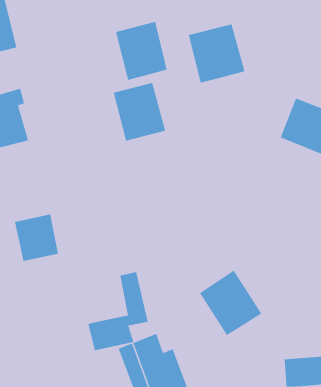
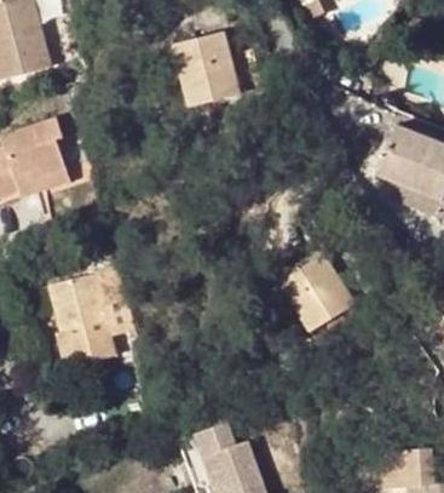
building: [188,23,245,83] -> none
building: [113,82,166,142] -> none
building: [199,270,262,336] -> [277,251,356,333]
building: [87,271,149,351] -> [54,269,131,368]

